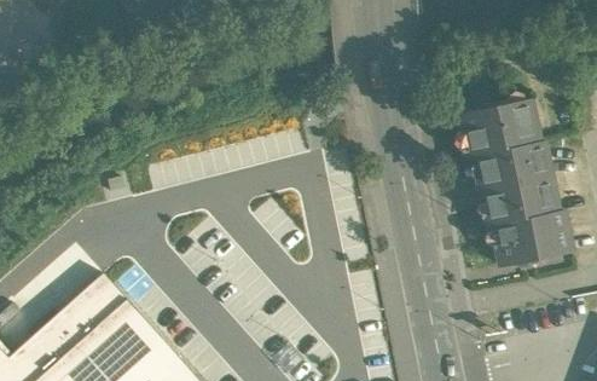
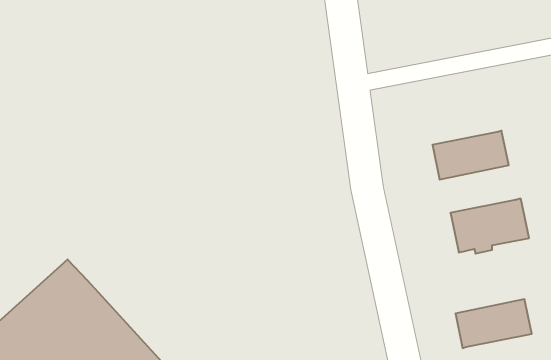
building: [459,103,539,160] -> none
building: [480,179,557,229] -> [455,299,532,348]

